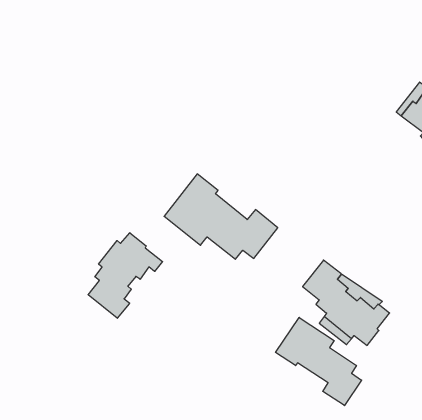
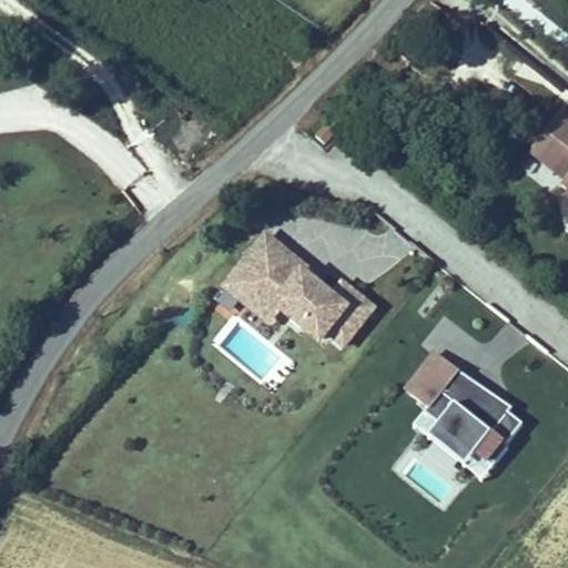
building: [88,233,163,318] -> none
building: [276,317,362,406] -> none

